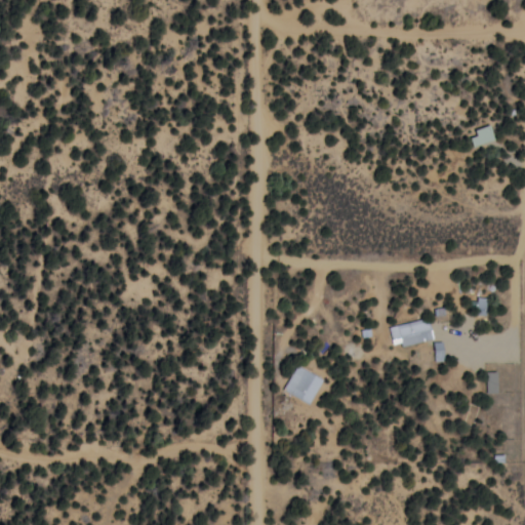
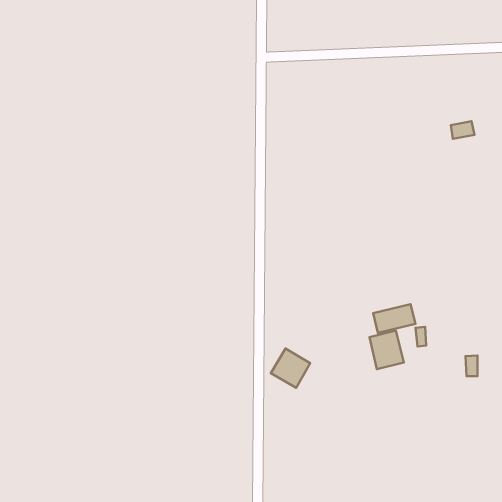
building: none -> [370,330,404,369]

